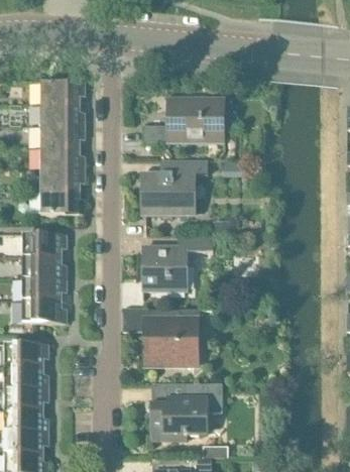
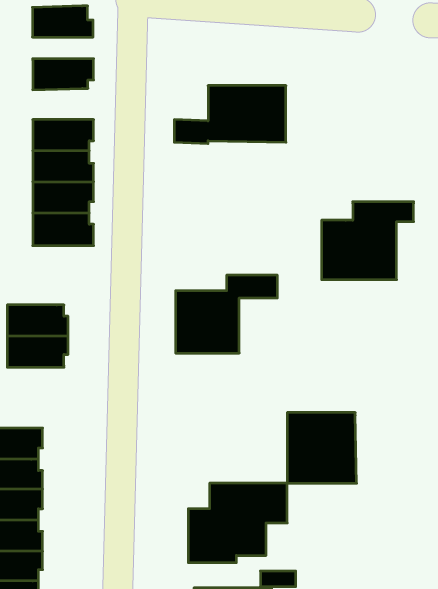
building: [41,102,85,124] -> [32,6,93,37]
building: [143,159,209,215] -> [322,202,414,280]
building: [23,234,67,256] -> none
building: [23,301,67,323] -> none
building: [147,309,197,359] -> [287,413,357,483]

